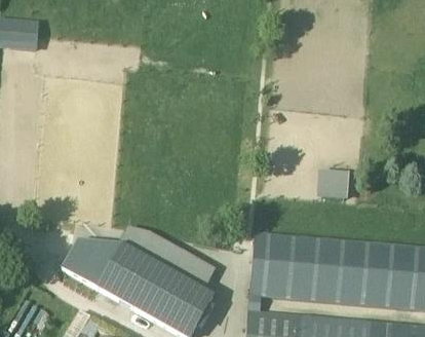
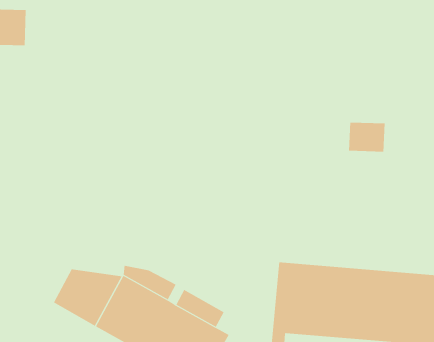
building: [318,170,350,195] -> [348,122,385,152]

